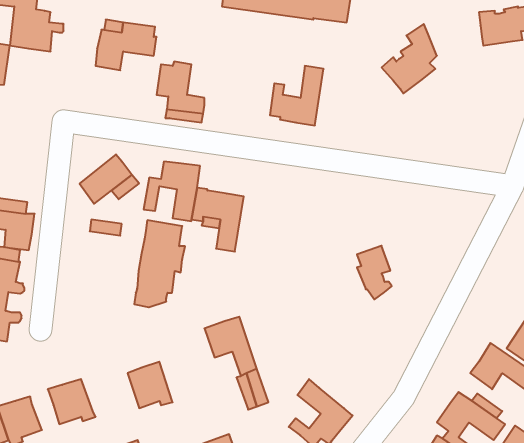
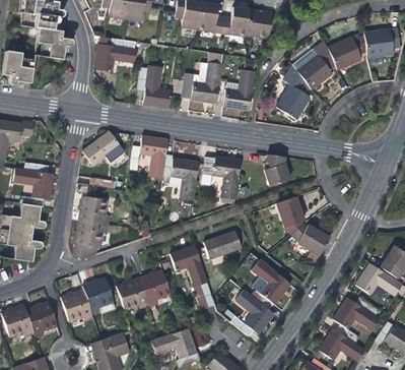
building: none -> [327,34,364,68]
building: none -> [183,52,223,104]
building: none -> [275,76,310,117]
building: none -> [263,153,288,185]
building: none -> [203,157,240,200]
building: [134,220,185,307] -> [73,194,109,255]
building: none -> [289,224,327,252]
building: none -> [203,231,241,259]
building: none -> [251,259,291,309]
building: none -> [139,269,171,305]
building: none -> [83,276,114,311]

